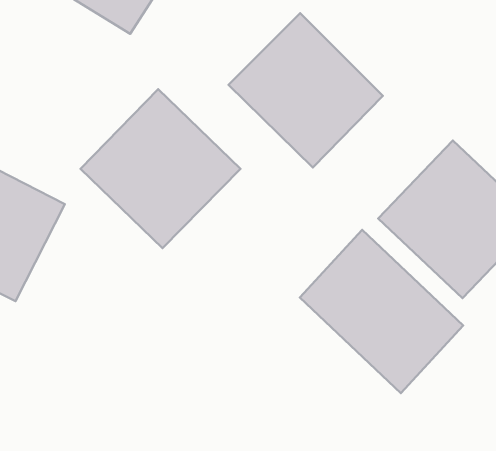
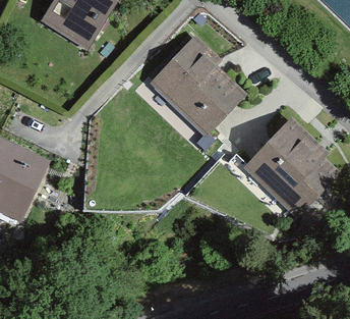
building: [80,89,240,248] -> none
building: [300,230,463,393] -> none

